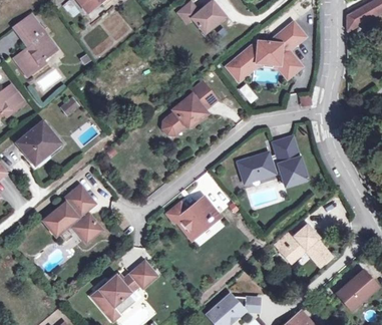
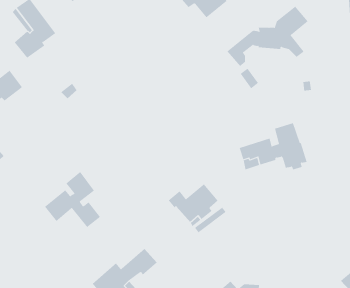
building: [243,60,295,79] -> none
building: [162,81,217,135] -> none
building: [17,119,61,160] -> none
building: [276,224,331,265] -> none

